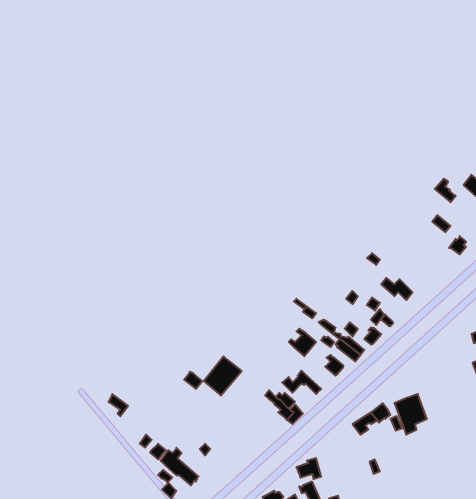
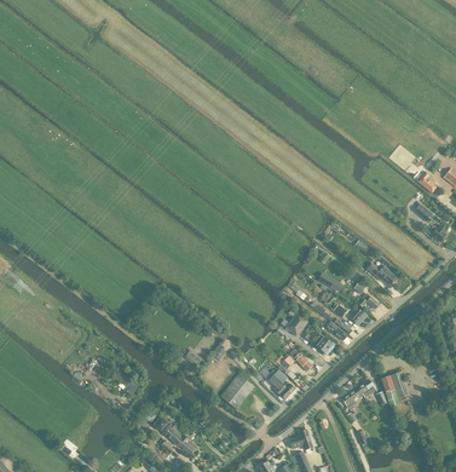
building: [204,356,242,396] -> [219,373,254,409]

